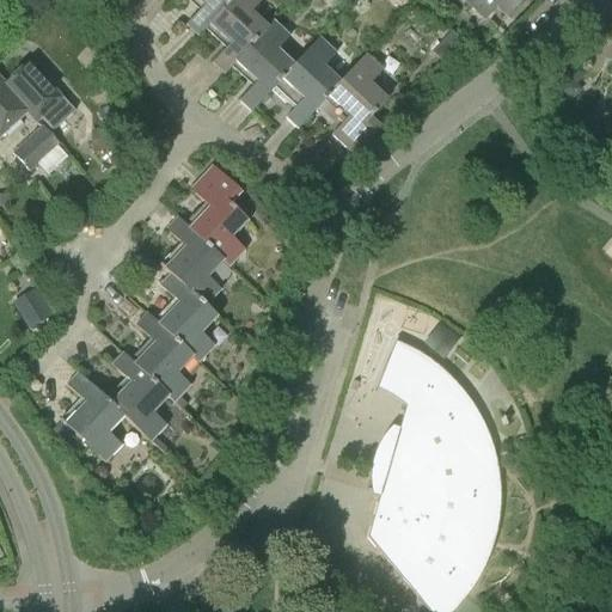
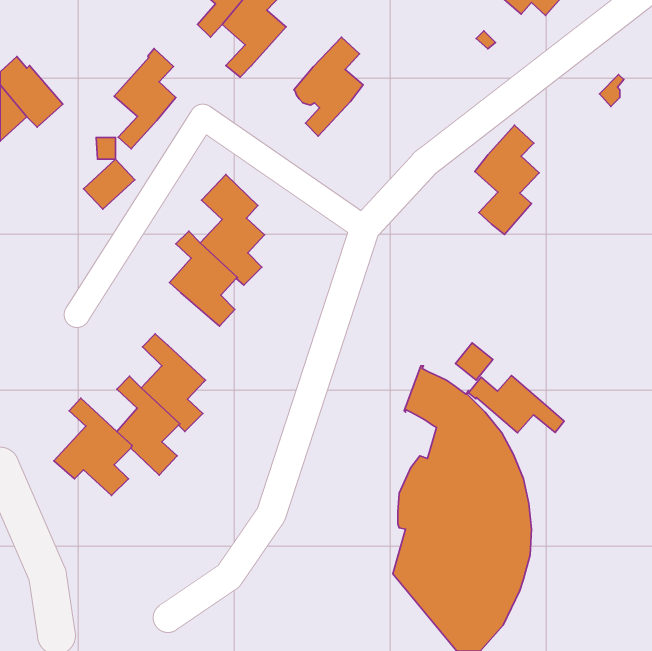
building: [238,17,295,110] -> [114,49,176,149]
building: [330,51,390,153] -> [475,125,539,234]
building: [14,123,62,170] -> [83,159,135,209]
building: [160,273,220,362] -> none
building: [16,286,54,326] -> none
building: none -> [468,376,564,433]

